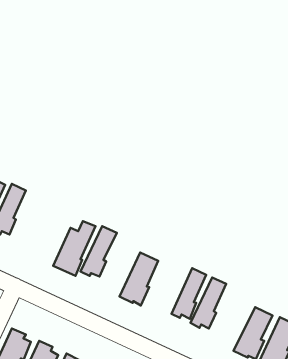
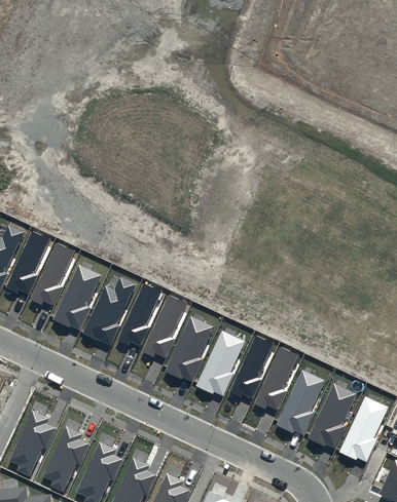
building: none -> [30,242,75,306]
building: none -> [52,265,102,330]
building: none -> [142,295,186,358]
building: none -> [196,331,246,396]
building: none -> [277,370,325,435]

